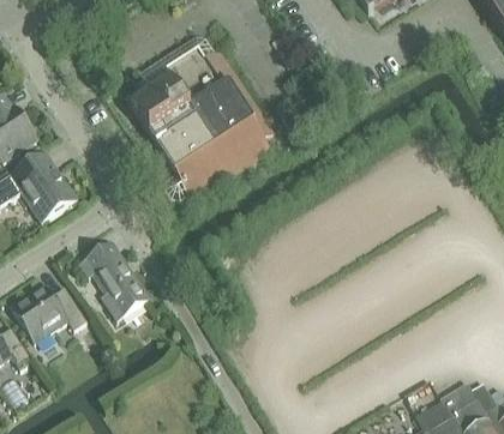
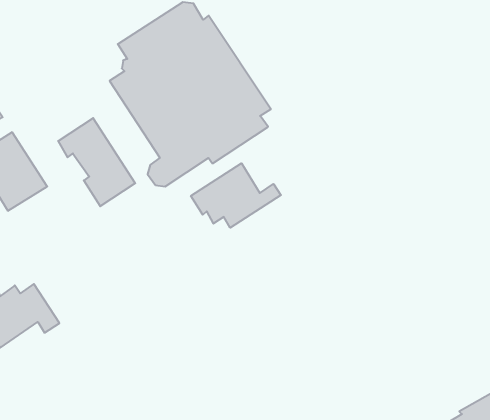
building: none -> [191,163,281,228]
building: [78,242,146,320] -> [58,118,135,206]

